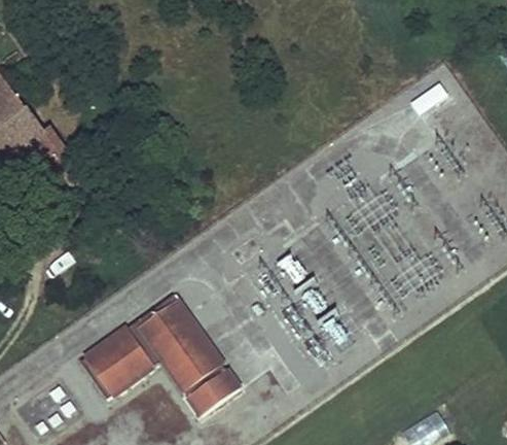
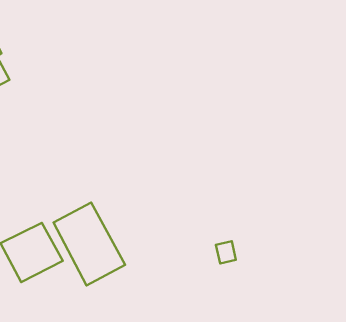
building: [185,366,238,412] -> none

